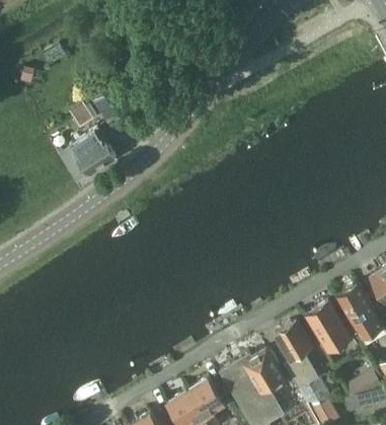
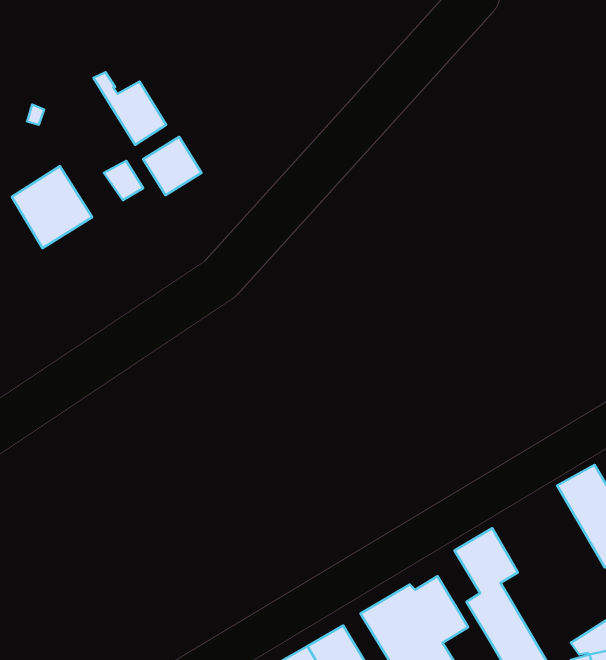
building: none -> [94,72,166,145]
building: [69,130,117,179] -> [12,166,92,248]
building: [306,302,352,354] -> none

